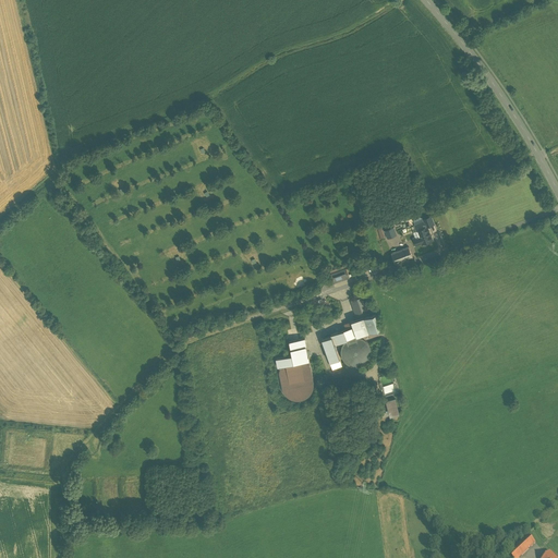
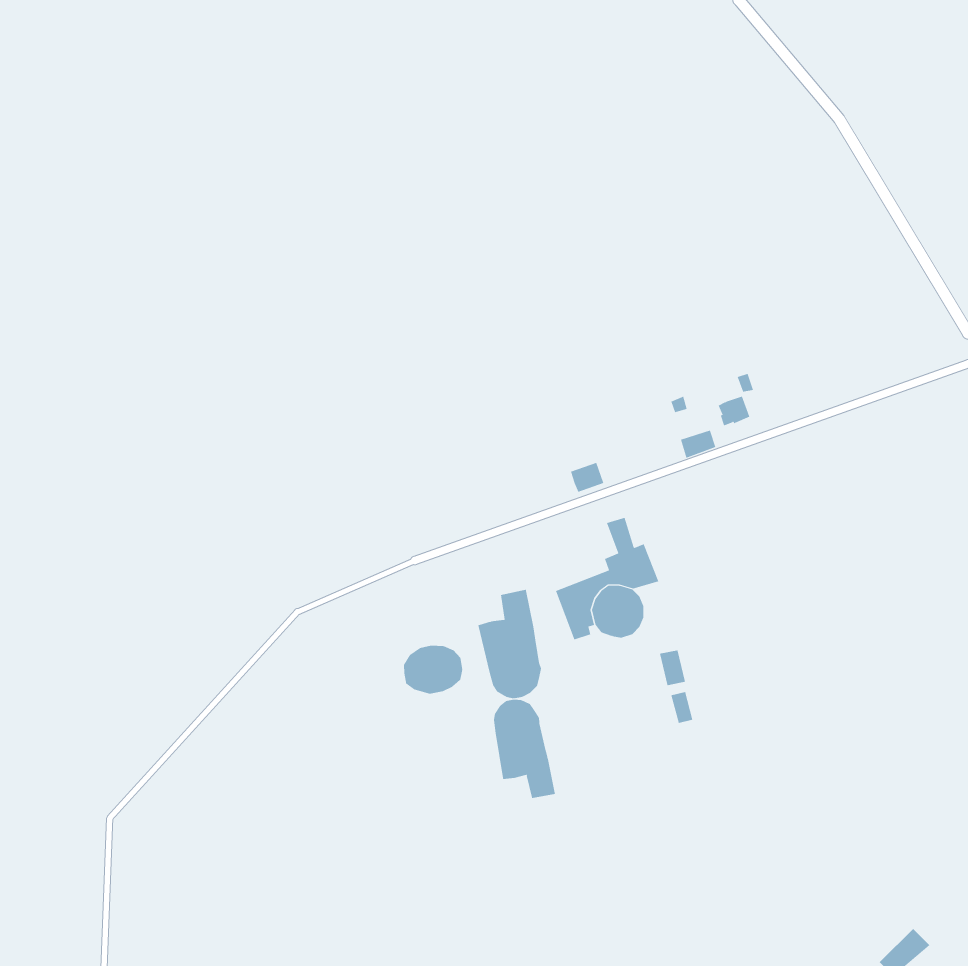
building: none -> [403,645,463,694]
building: none -> [493,699,555,799]

